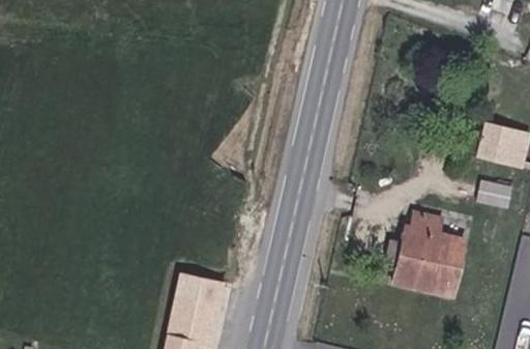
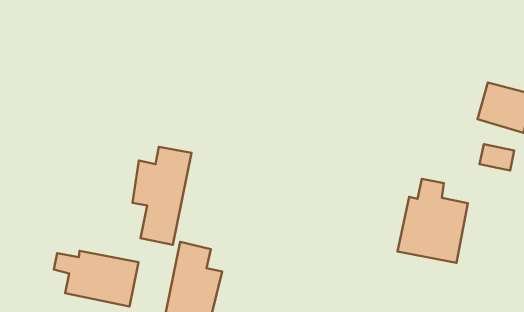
building: none -> [133,147,192,245]
building: none -> [54,251,139,306]

